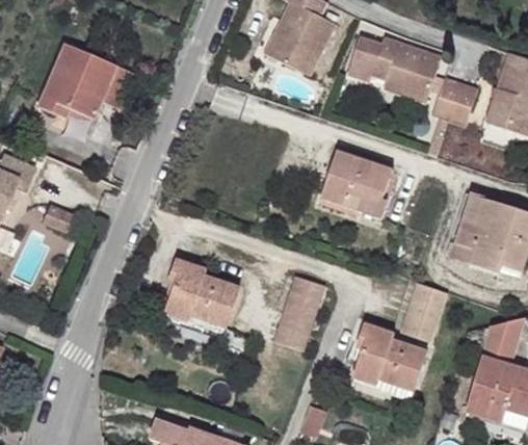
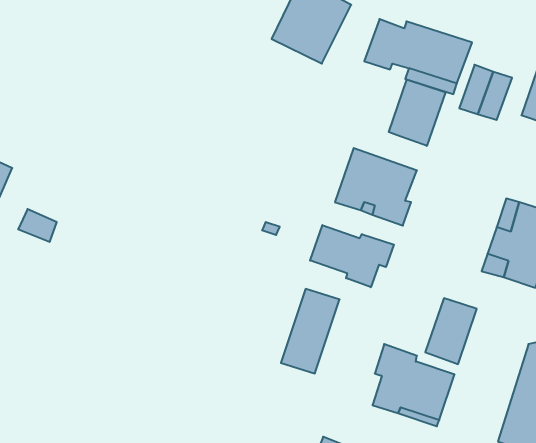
building: [37,43,134,119] -> none
building: none -> [389,79,445,146]
building: none -> [310,225,394,287]
building: [166,260,240,332] -> none

